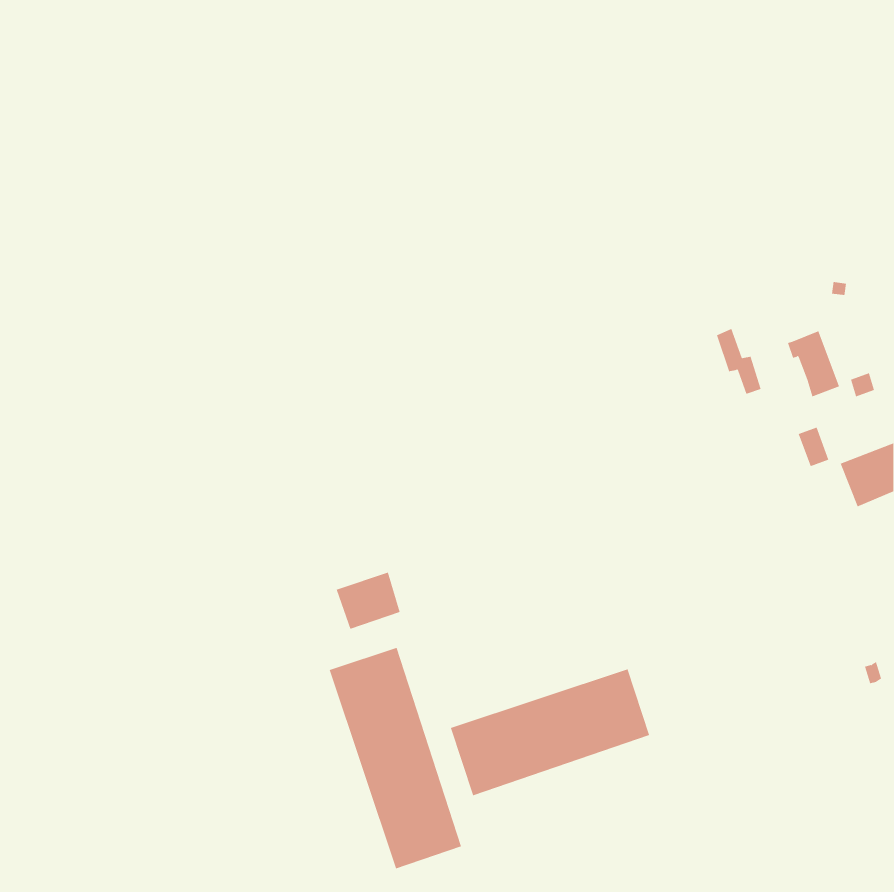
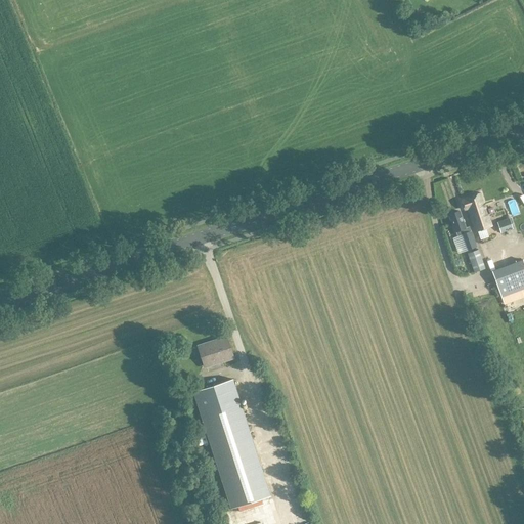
building: [716,328,762,395] -> [449,212,476,251]
building: [450,668,650,796] -> none

